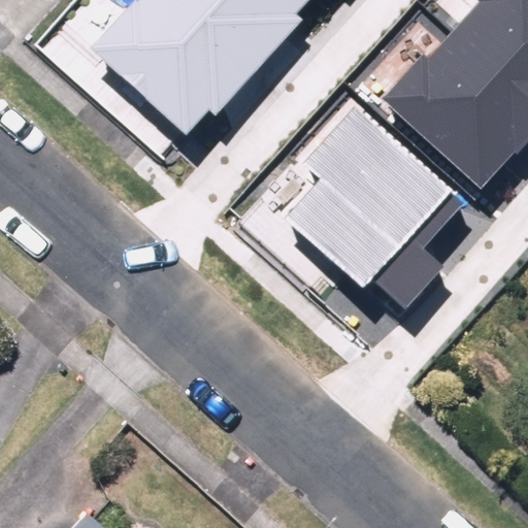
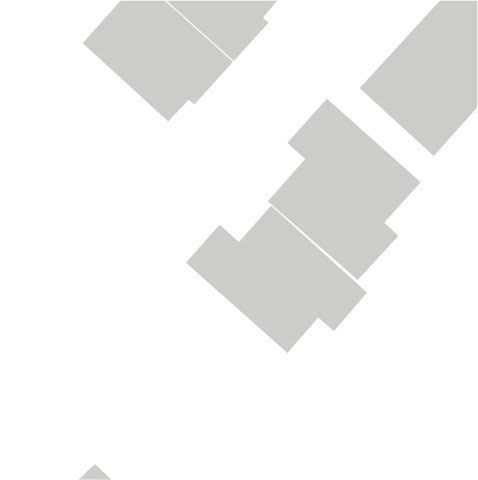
building: none -> [185,205,368,354]

